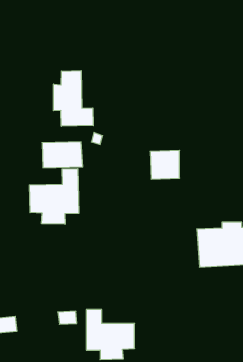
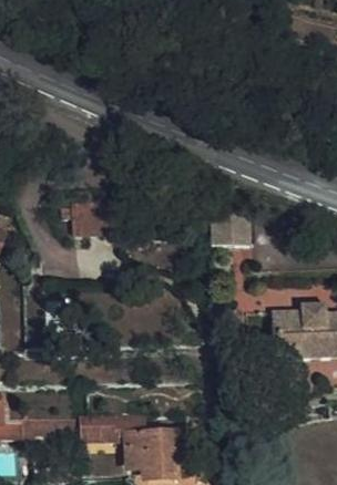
building: [54,71,93,126] -> none
building: [29,169,79,224] -> none

